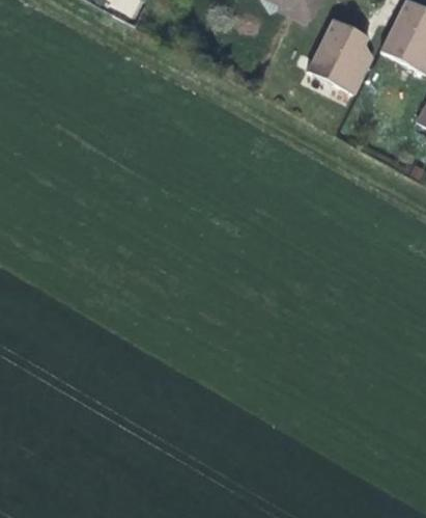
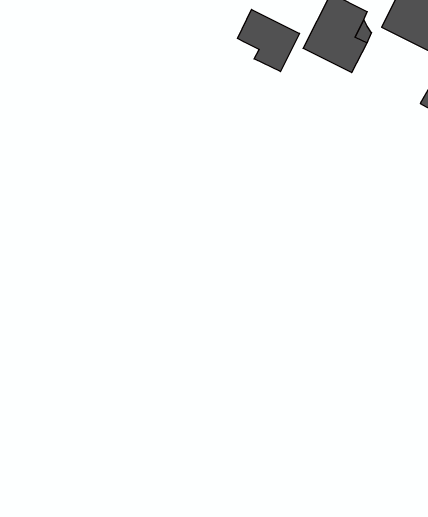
building: none -> [237,9,300,72]

